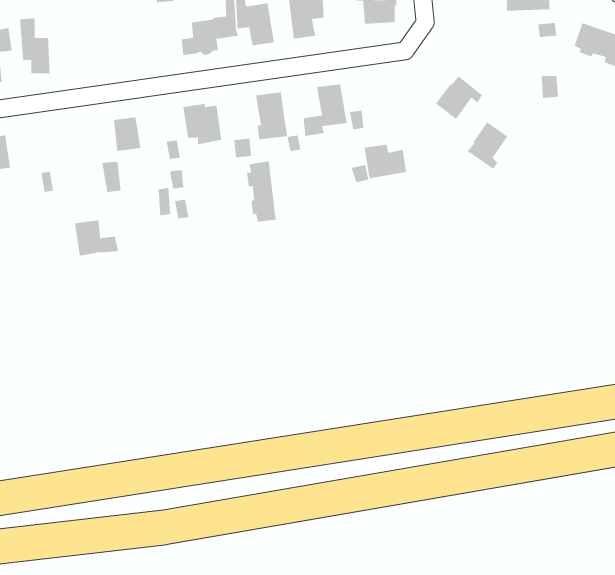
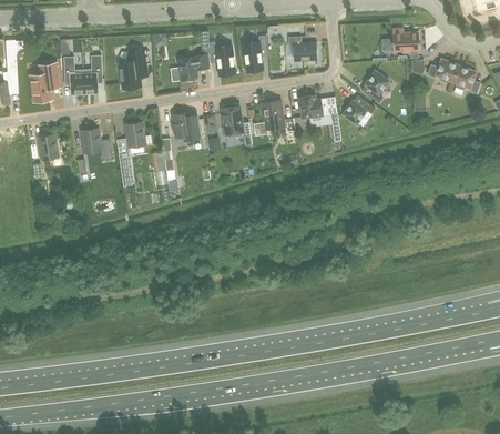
building: none -> [119,48,146,88]
building: none -> [82,53,102,92]
building: [467,122,508,169] -> [360,69,388,101]
building: [364,144,407,179] -> [298,93,327,117]
building: [247,160,276,222] -> none
building: [74,220,119,256] -> [81,127,111,151]

